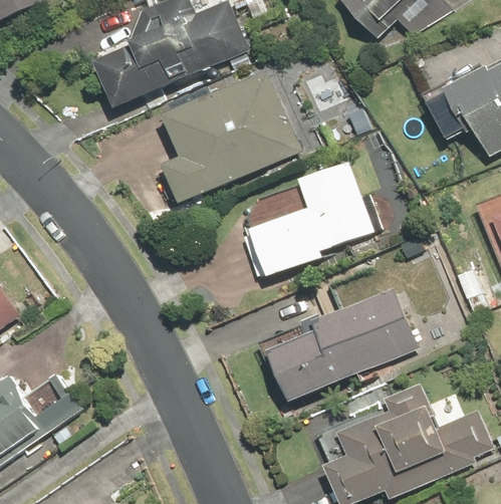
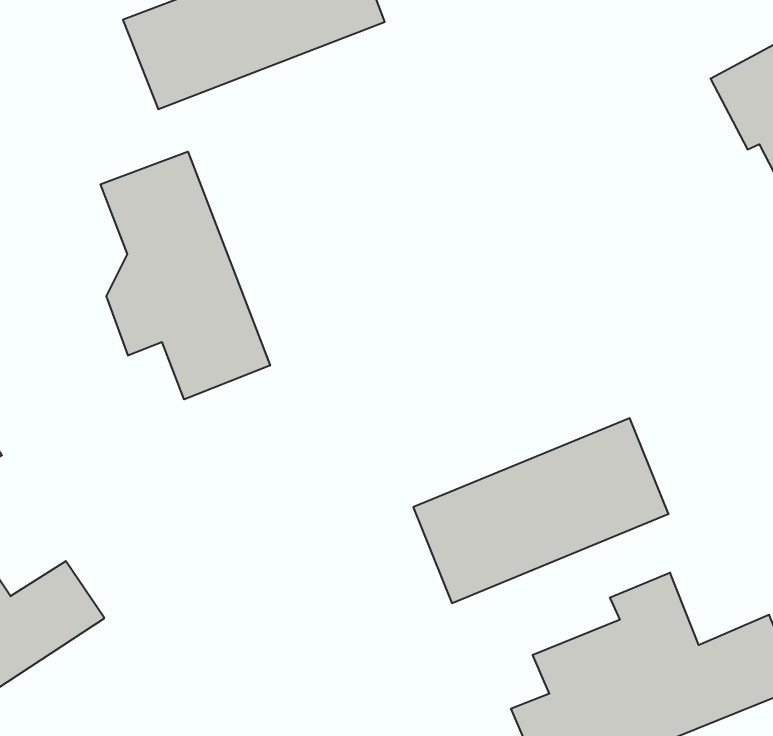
building: [160,71,299,203] -> none
building: none -> [101,152,270,399]
building: [249,161,374,276] -> none

